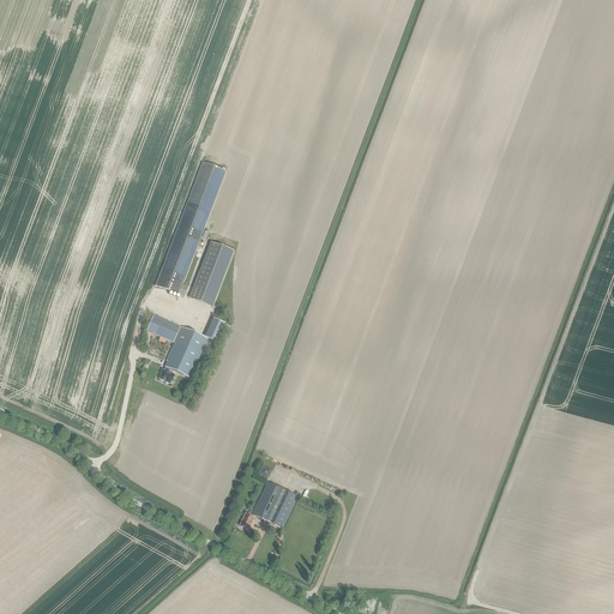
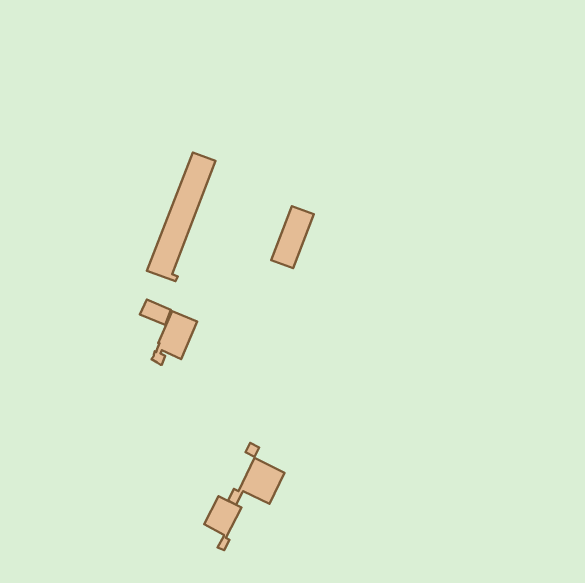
building: [188,240,233,305] -> [271,206,314,268]
building: none -> [204,496,242,550]

